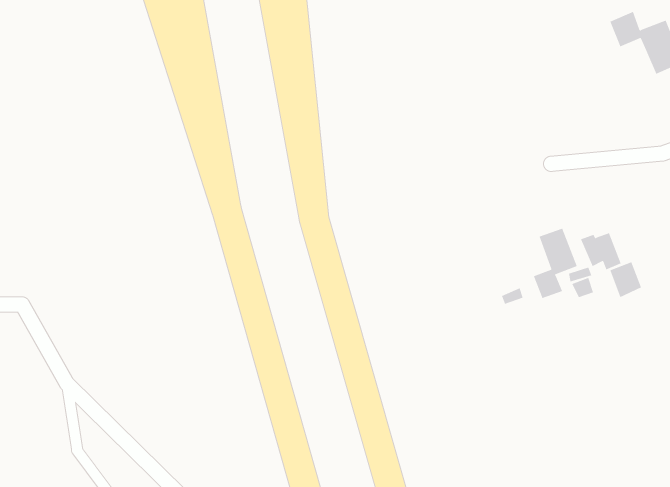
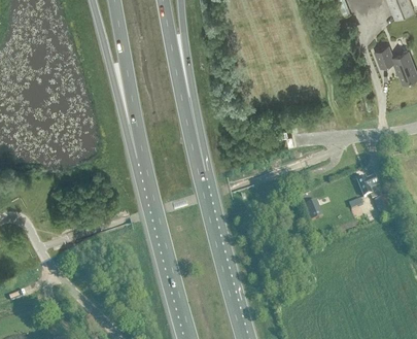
building: [533,228,577,299] -> none

